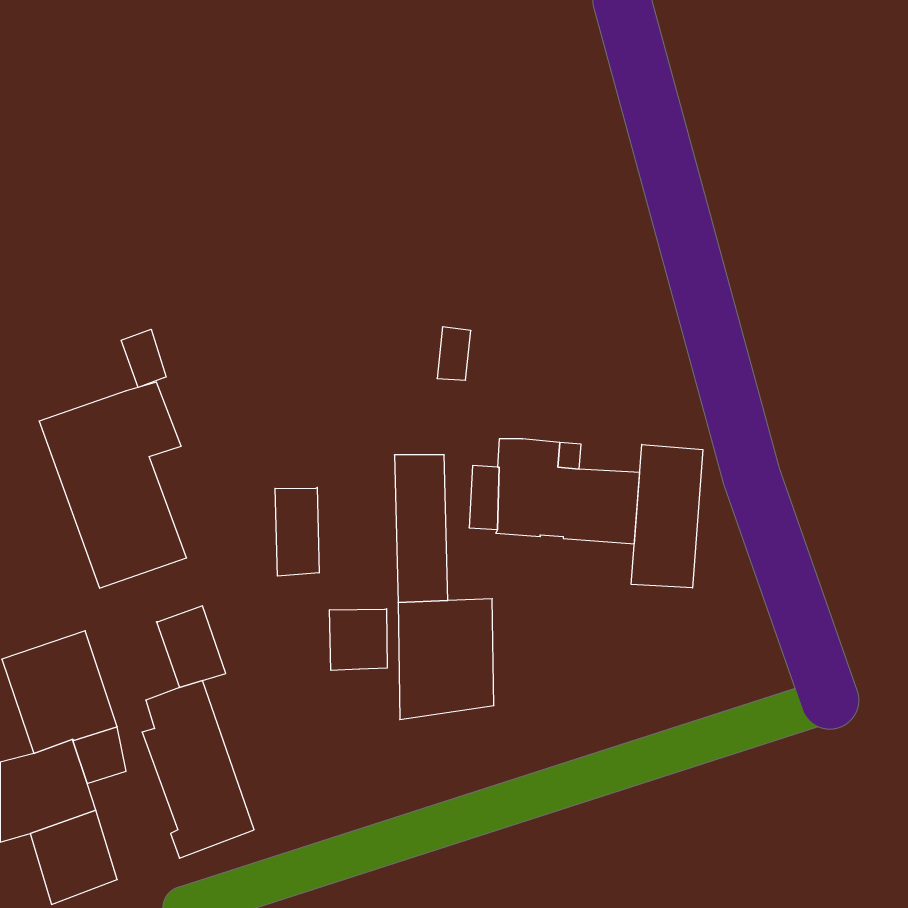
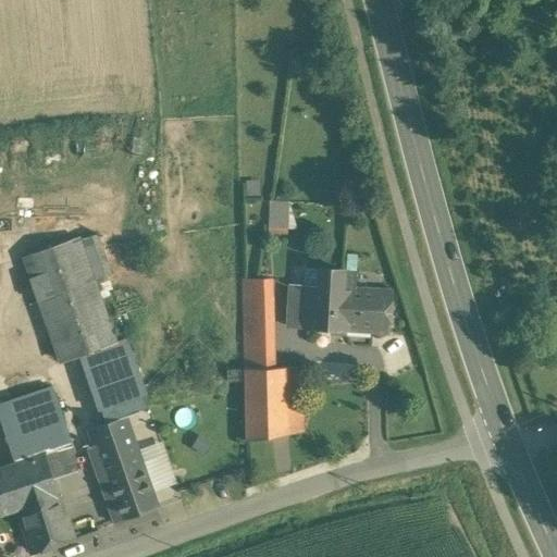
building: [121,329,166,387] -> none
building: [631,444,703,588] -> none
building: [275,487,319,576] -> none
building: none -> [87,344,124,381]
building: [330,609,387,670] -> none

